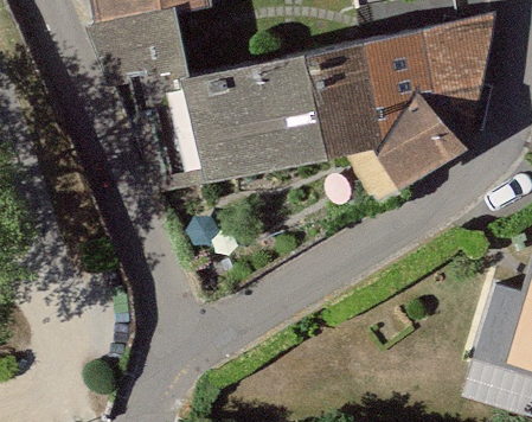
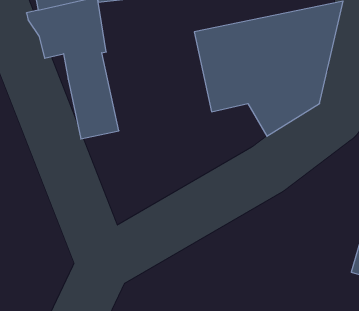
building: [184,51,327,180] -> none

